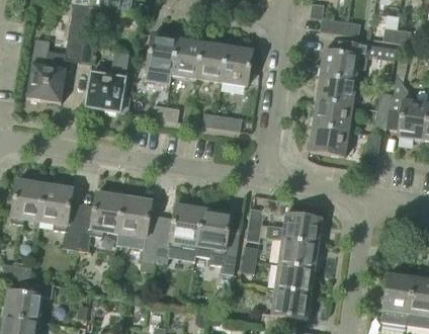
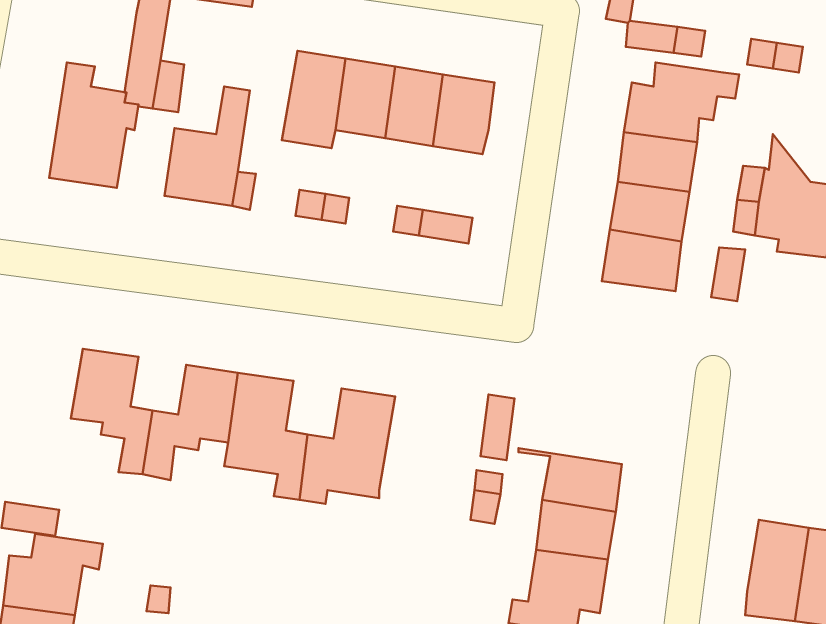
building: [10,181,44,225] -> none
building: [194,210,238,274] -> none
building: [265,214,322,244] -> none

